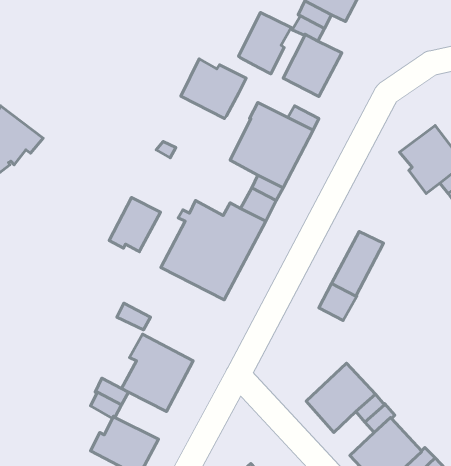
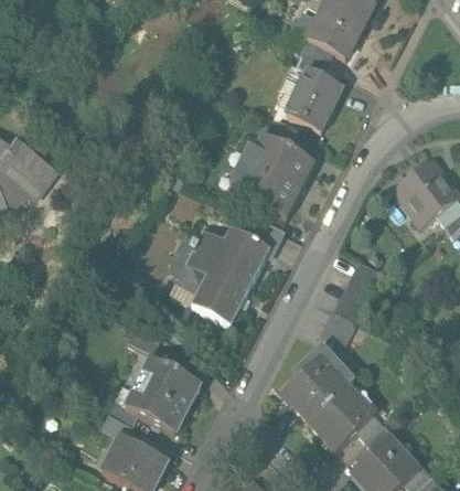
building: [238,12,291,74] -> none
building: [181,59,246,118] -> none
building: [109,197,160,252] -> none
building: none -> [285,345,349,421]

